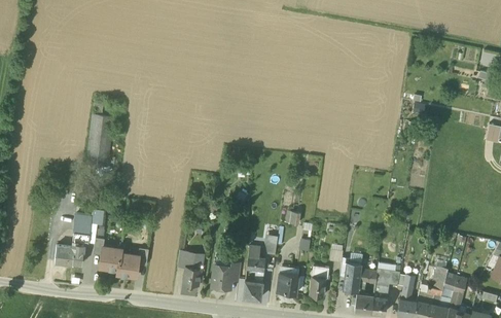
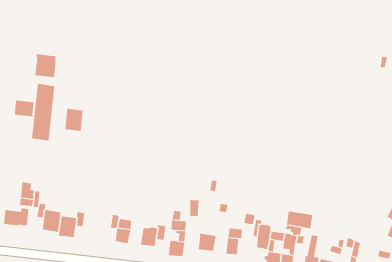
building: none -> [35,53,56,78]
building: none -> [14,100,34,117]
building: none -> [65,108,83,132]
building: none -> [286,210,313,229]

